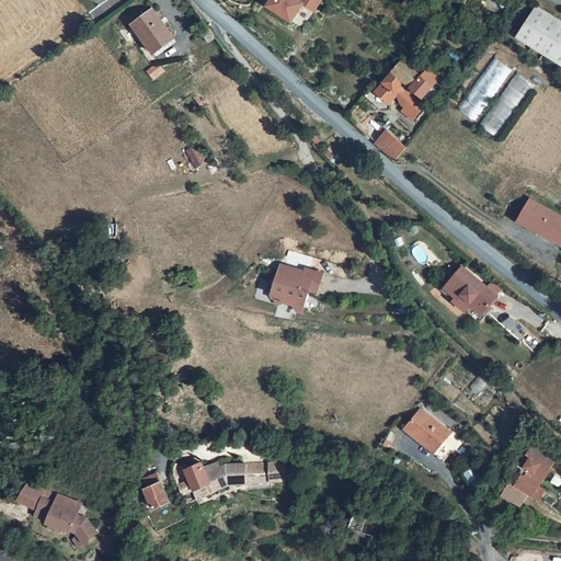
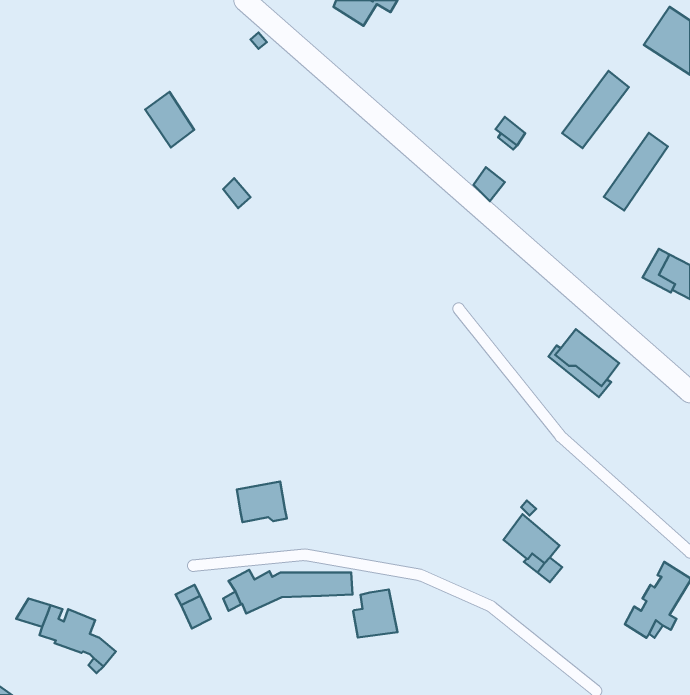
building: [128,12,168,57] -> [145,92,194,148]
building: [376,61,432,99] -> none
building: [476,73,527,136] -> [604,133,668,210]
building: [276,262,327,309] -> none
building: none -> [237,482,287,522]
building: none -> [353,590,397,638]

